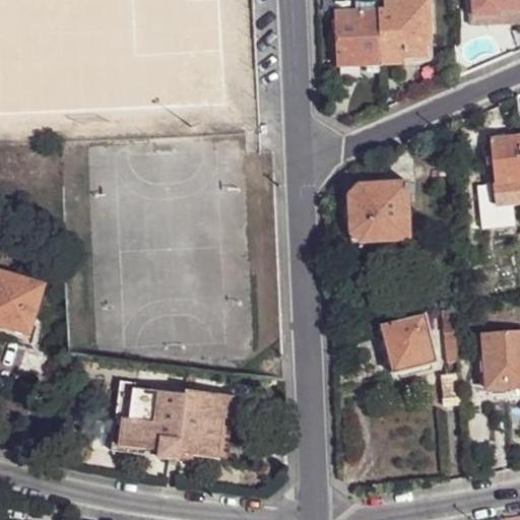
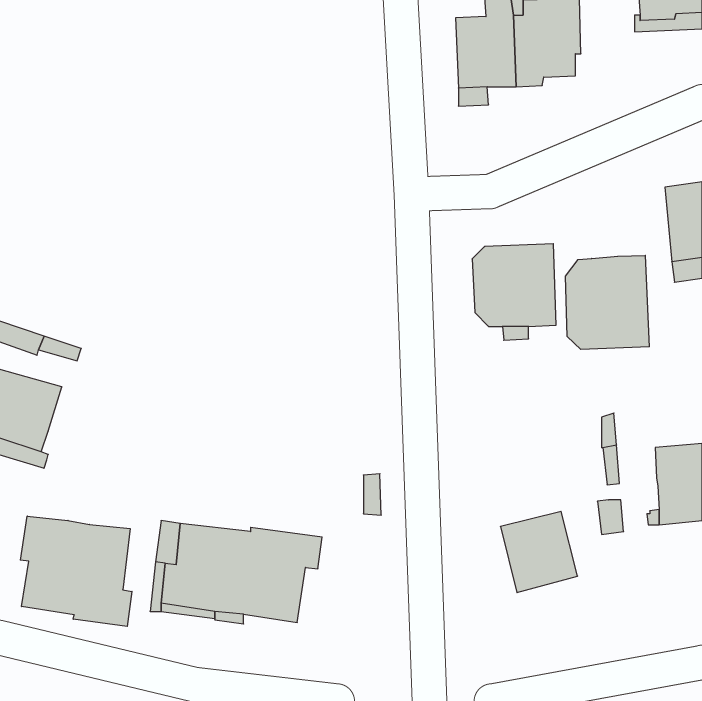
building: none -> [565,255,649,349]
building: [381,312,438,372] -> [500,511,578,593]
building: none -> [20,516,132,626]

